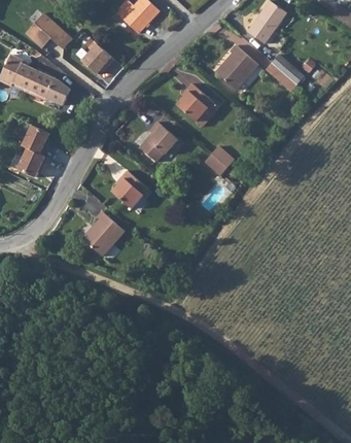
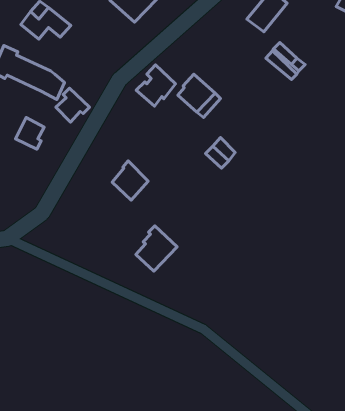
building: [79,42,112,75] -> [56,88,90,122]
building: [216,43,255,88] -> none
building: [141,120,179,160] -> [136,65,176,106]
building: [15,148,46,178] -> none
building: [84,208,125,252] -> [136,226,177,271]

